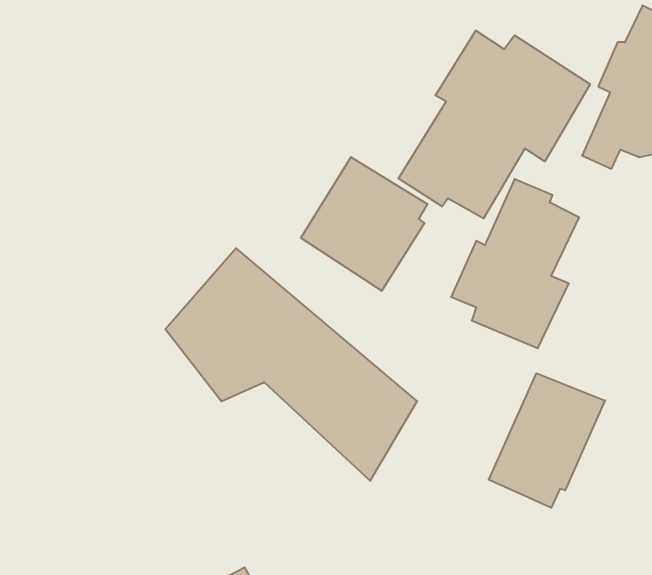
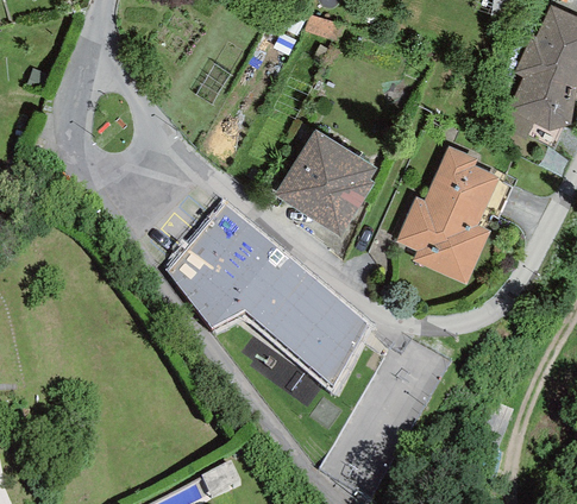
building: [398,30,590,219] -> none
building: [489,373,605,508] -> none

